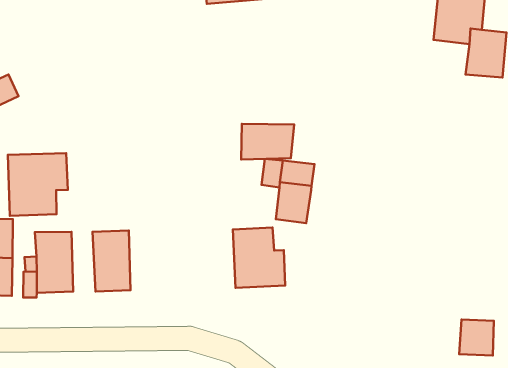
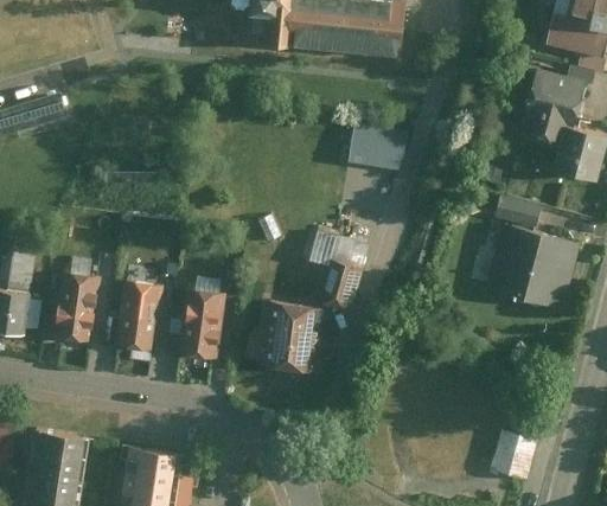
building: none -> [484,196,575,310]
building: [241,124,294,159] -> [346,124,409,169]
building: [8,153,68,216] -> none
building: none -> [165,286,224,357]

